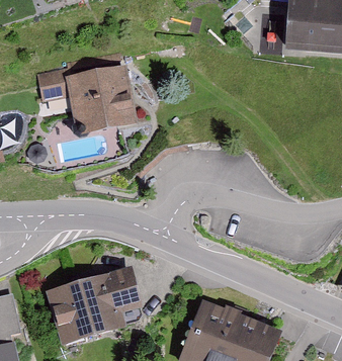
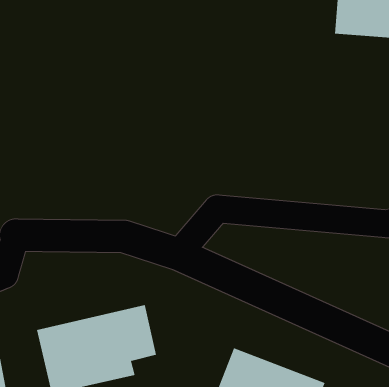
building: [36,62,135,132] -> none

